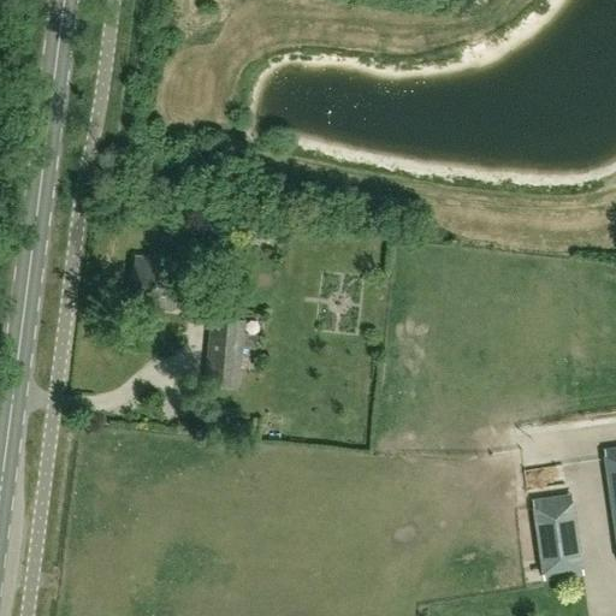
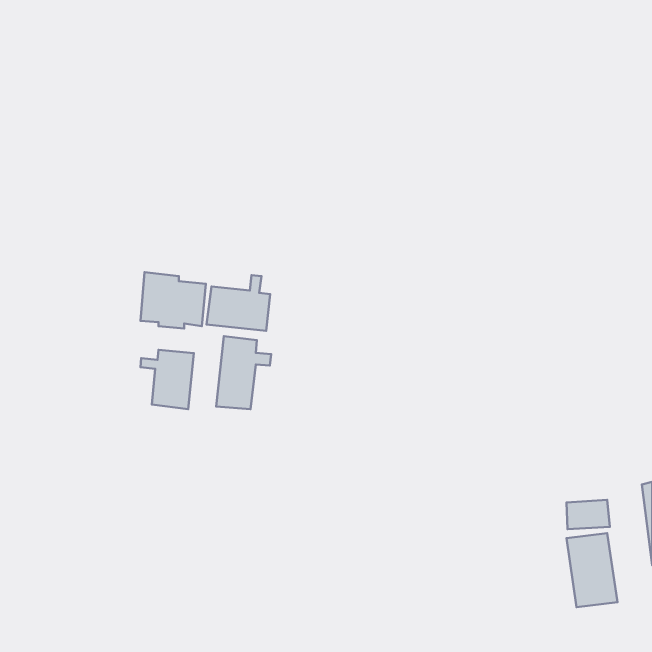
building: none -> [207,275,270,331]
building: none -> [140,350,194,409]

